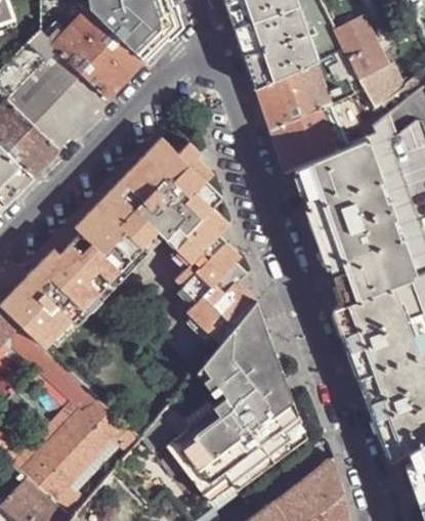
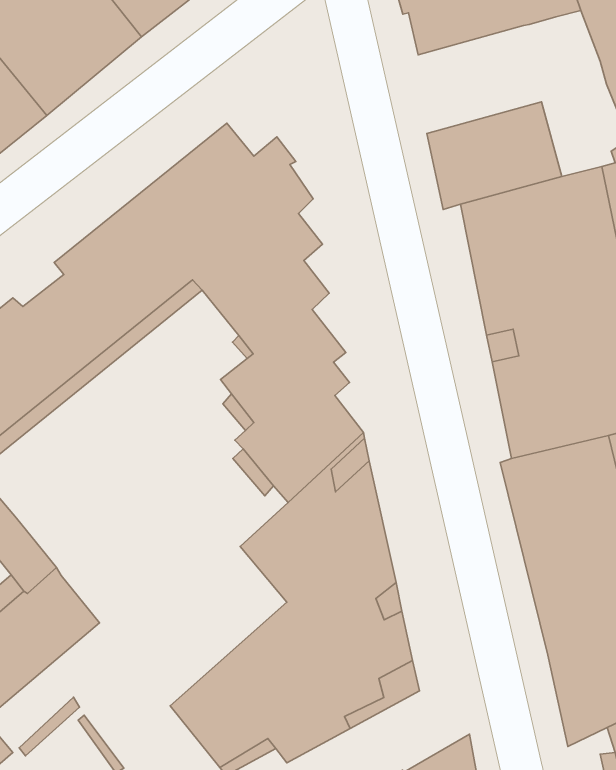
building: [255,64,331,131] -> none

